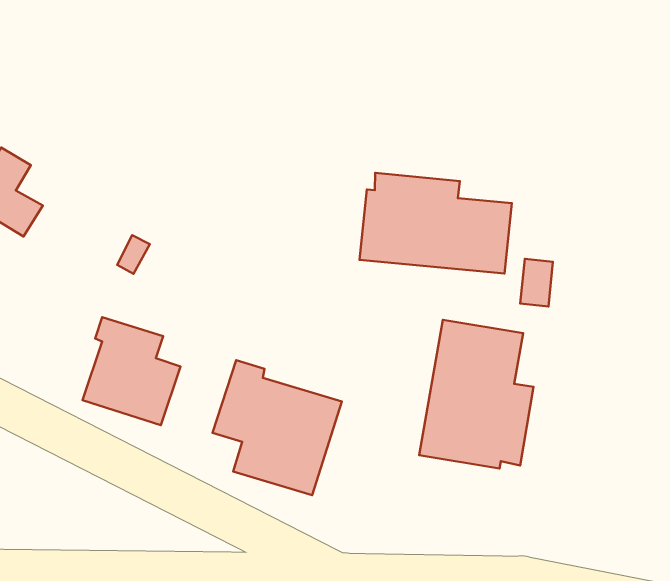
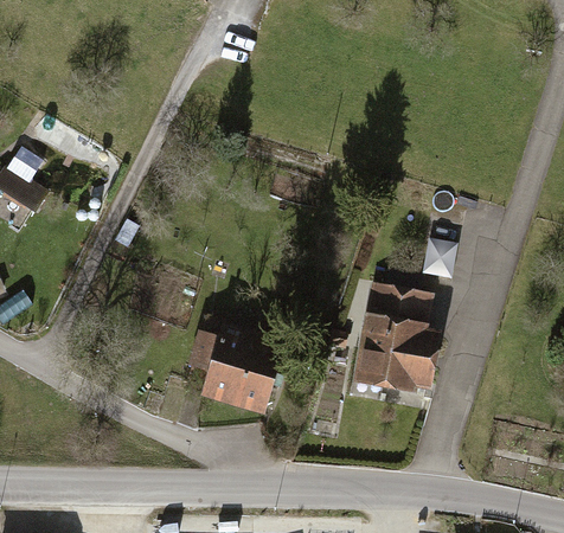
building: [359,173,512,274] -> none
building: [82,317,180,425] -> none

